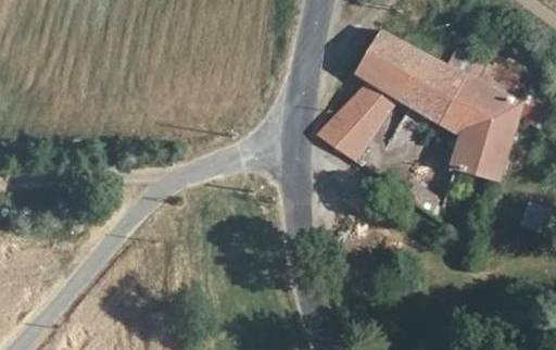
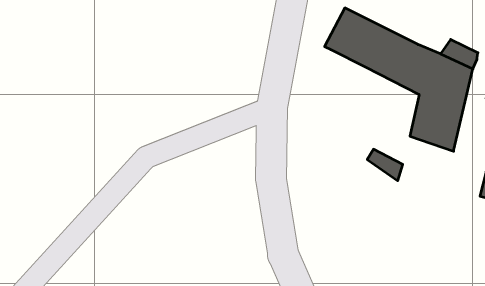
building: [321,76,401,161] -> none

